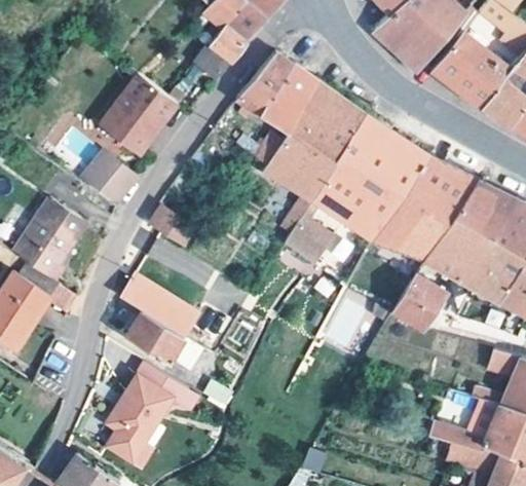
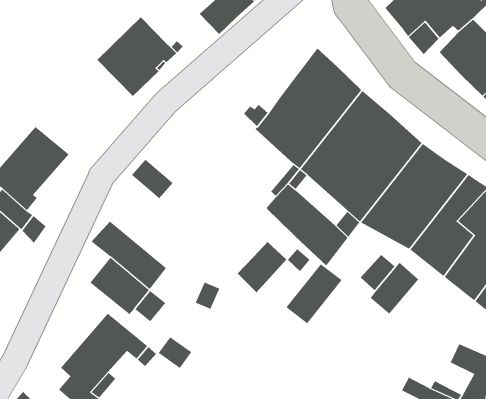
building: [235,50,313,134] -> none
building: [82,147,137,198] -> none
building: none -> [237,241,287,293]

